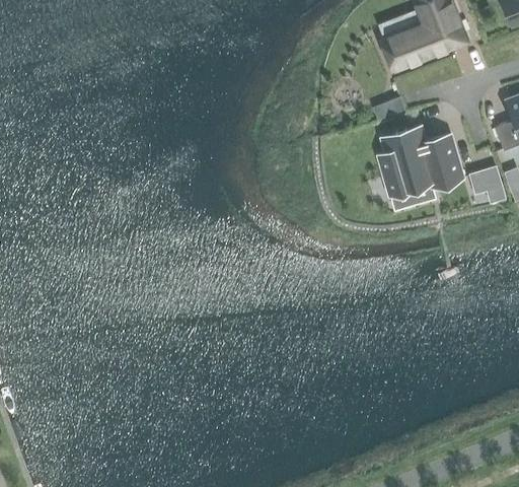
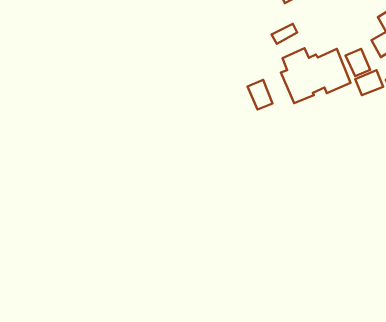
building: none -> [346,49,370,76]
building: none -> [247,80,273,110]

